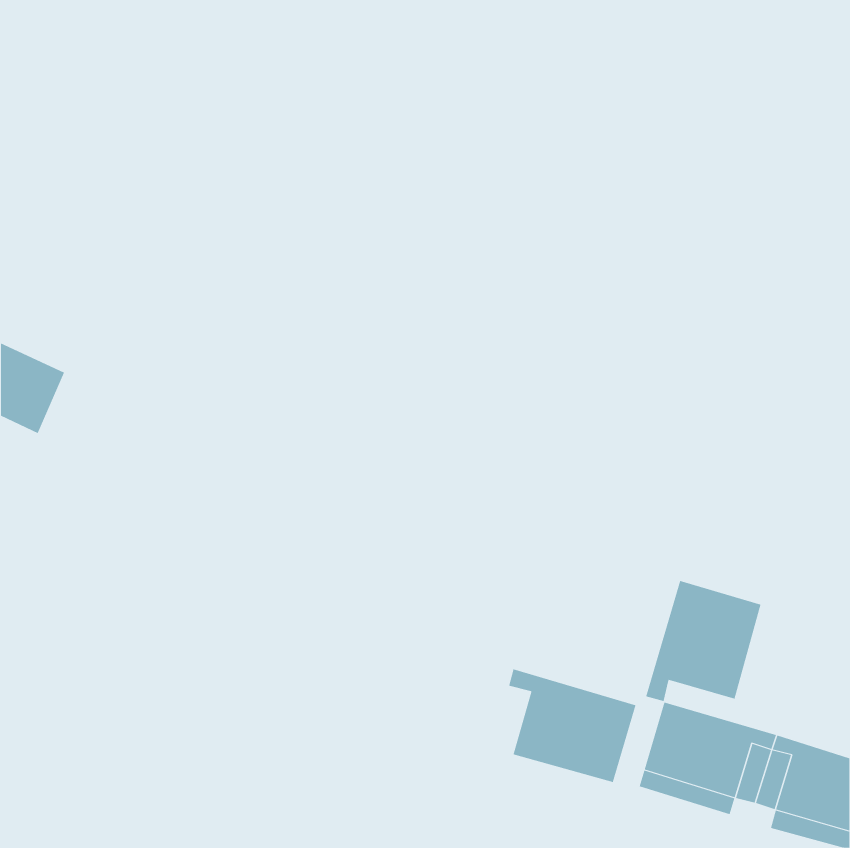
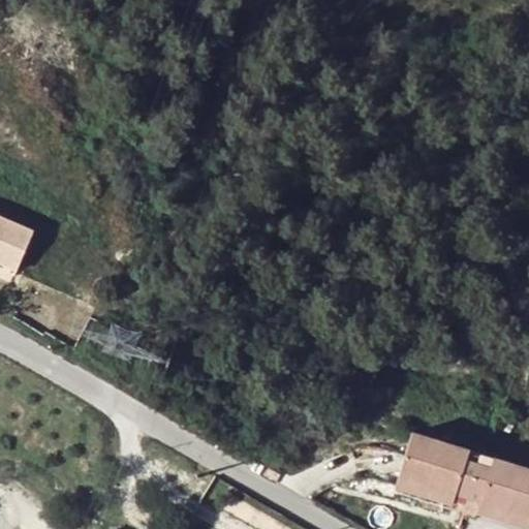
building: [645,580,761,702] -> none
building: [509,669,636,783] -> none

